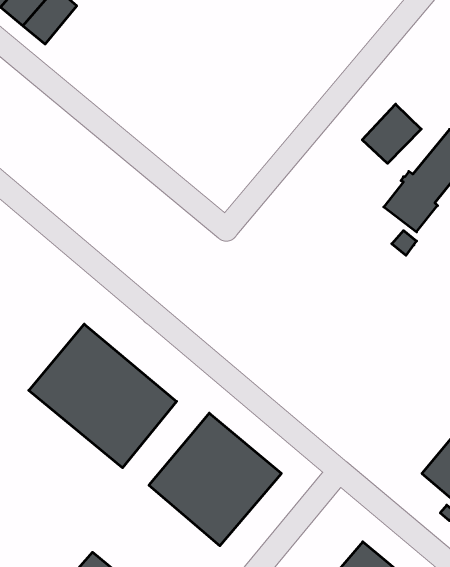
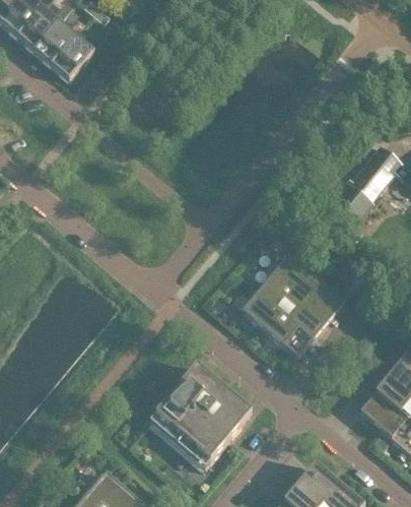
building: [362,104,421,163] -> none
building: none -> [242,255,343,358]
building: [29,324,177,468] -> none

